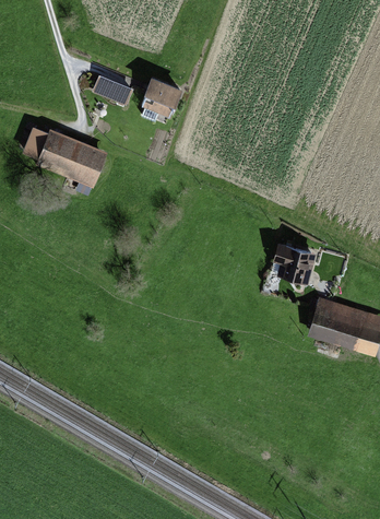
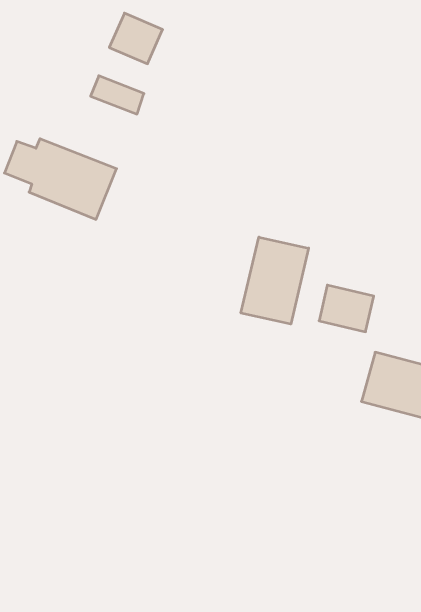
building: [141,79,183,119] -> [109,13,163,64]
building: none -> [241,237,309,324]

